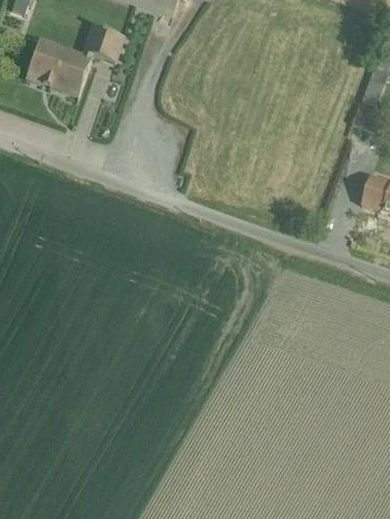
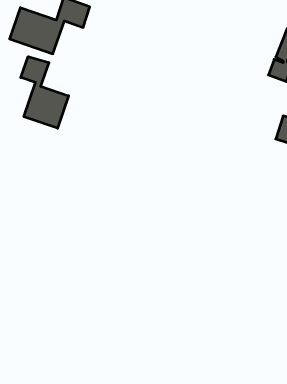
building: none -> [21,57,69,128]

